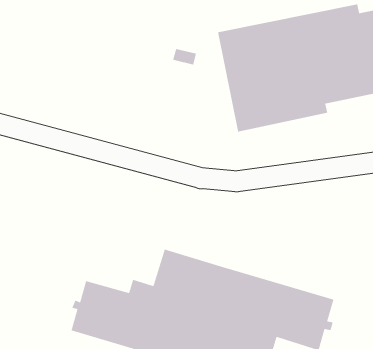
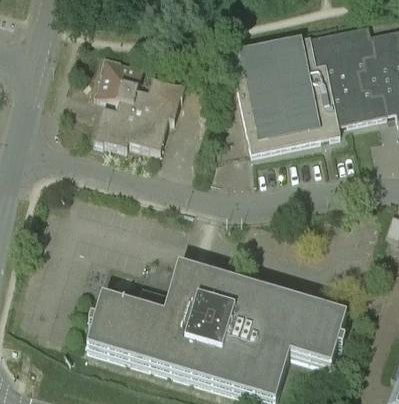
building: none -> [95,56,184,150]

